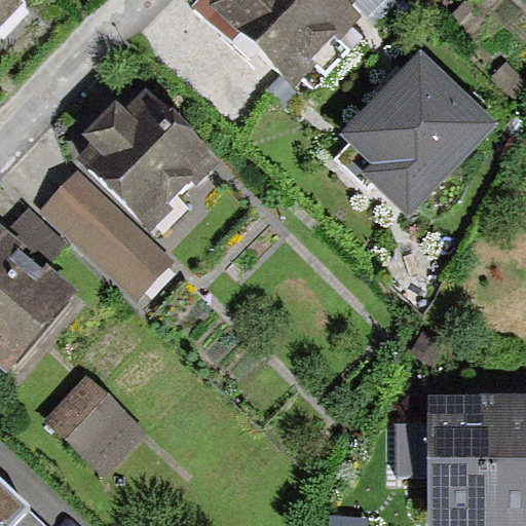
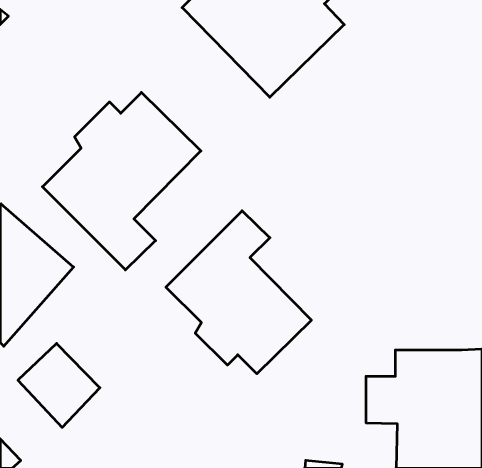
building: [337,54,495,214] -> none
building: none -> [166,211,311,374]

